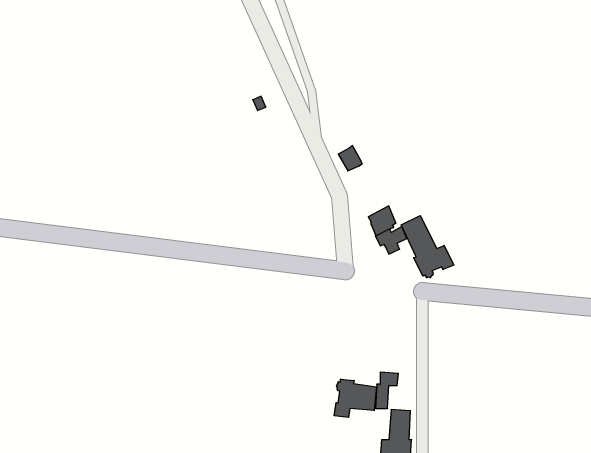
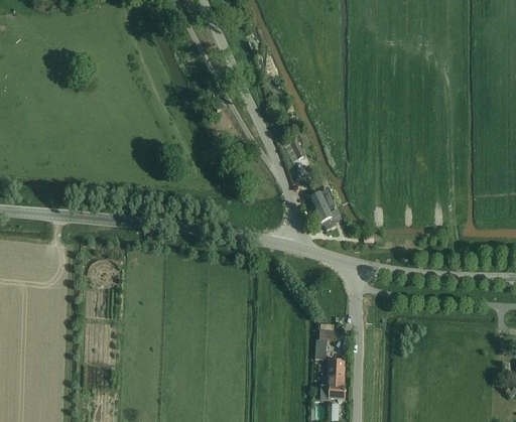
building: [401,216,454,278] -> none
building: [334,379,377,417] -> none

